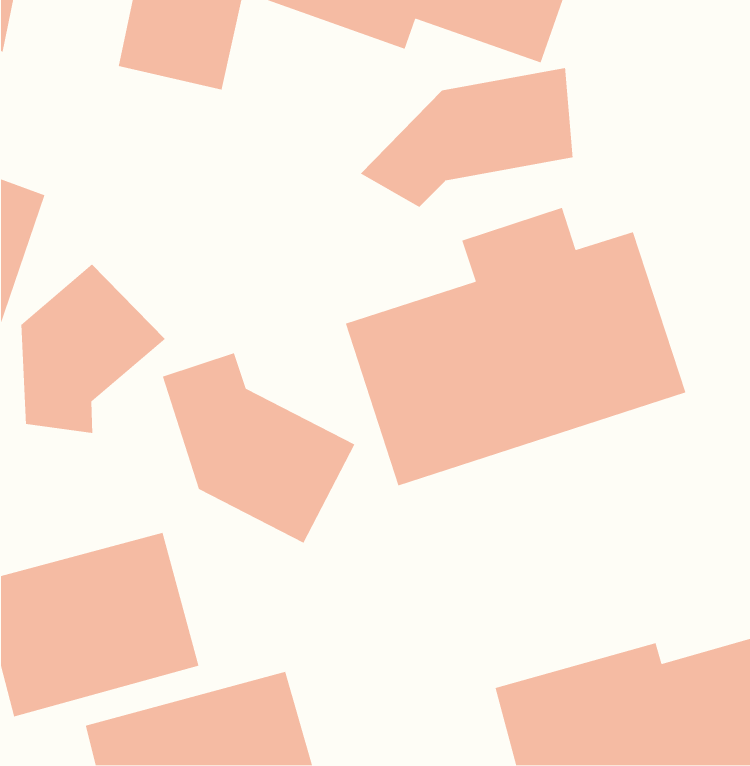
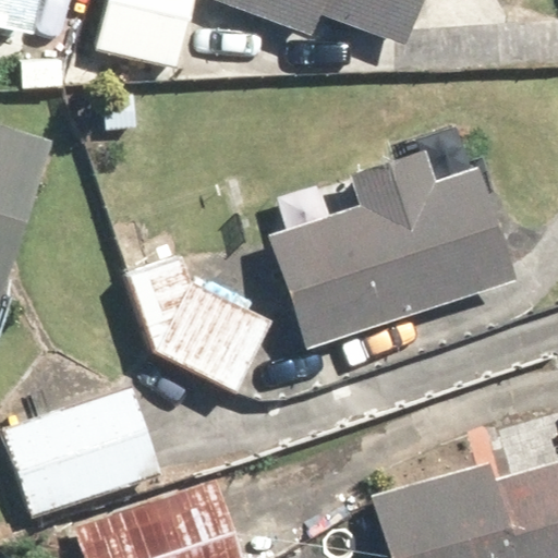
building: [360,67,573,208] -> none
building: [20,263,166,434] -> none

